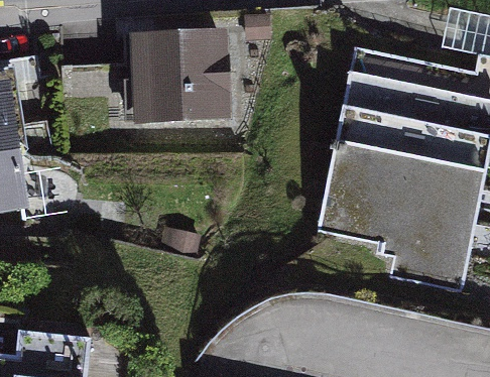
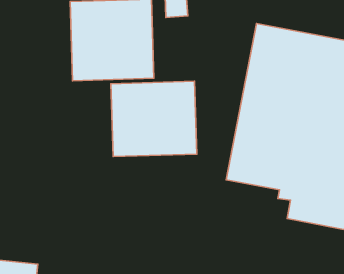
building: none -> [111,81,197,157]

